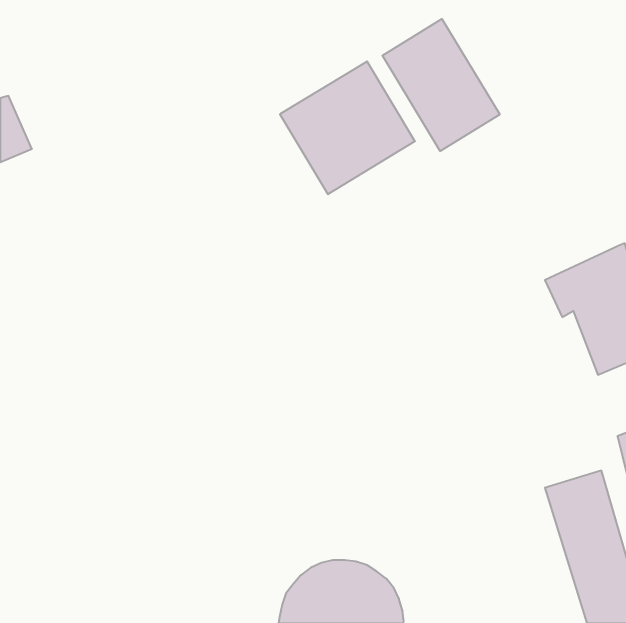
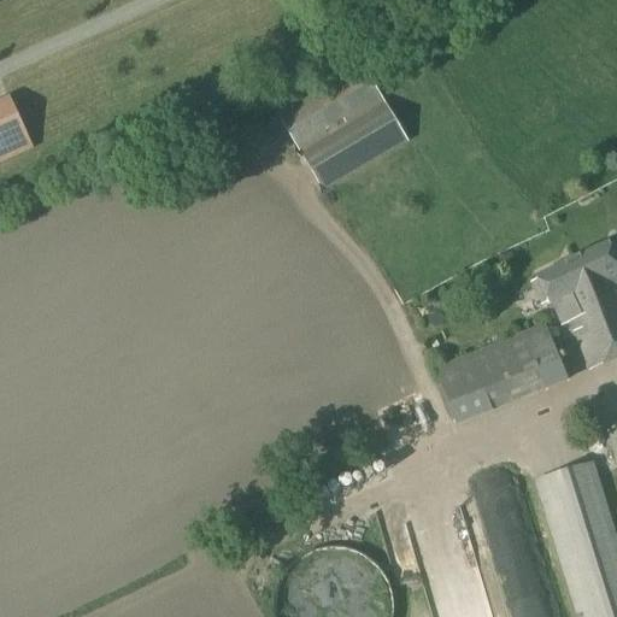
building: [382,19,500,151] -> none
building: none -> [434,322,569,423]

